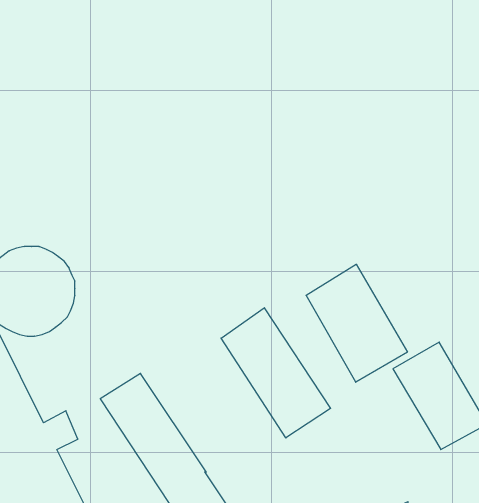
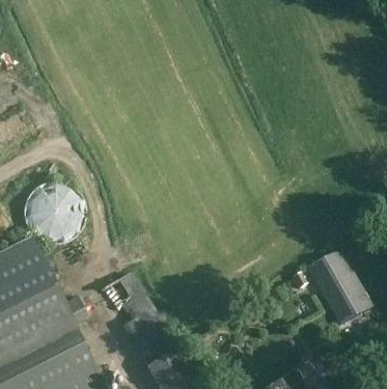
building: [306,264,407,382] -> none
building: [221,308,331,438] -> none

